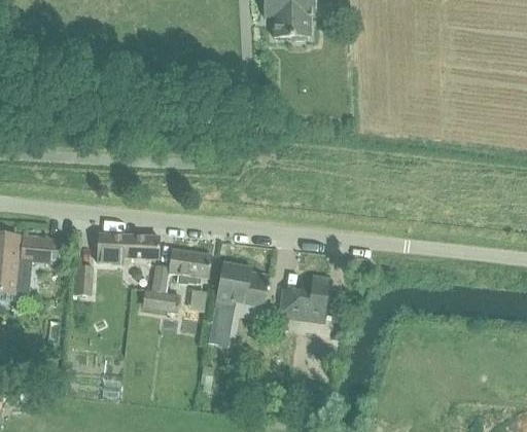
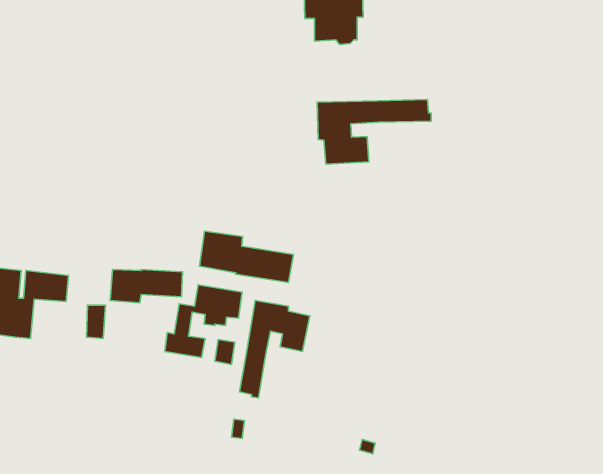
building: none -> [317,100,431,164]
building: none -> [200,231,293,283]
building: [281,277,329,318] -> none

